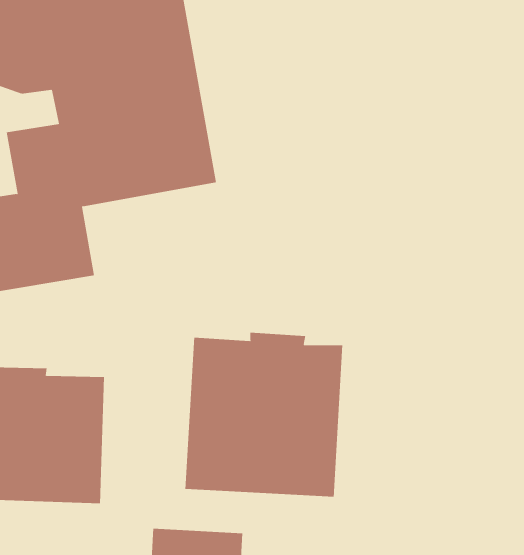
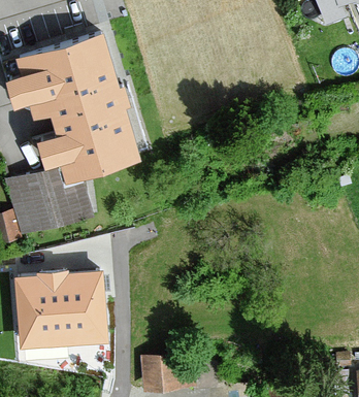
building: [185,332,343,498] -> none

